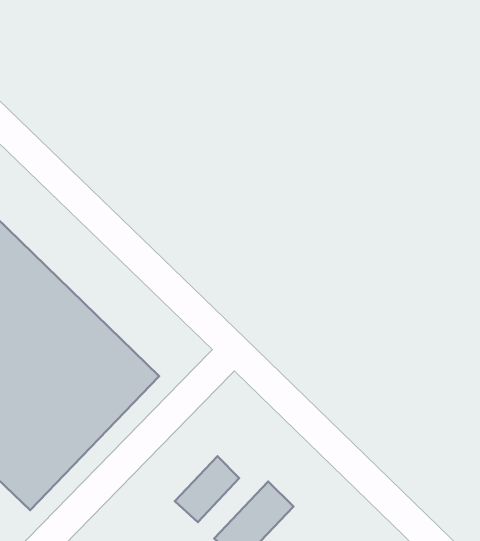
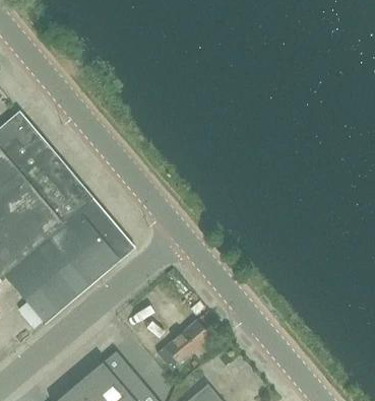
building: [175,456,239,522] -> none

